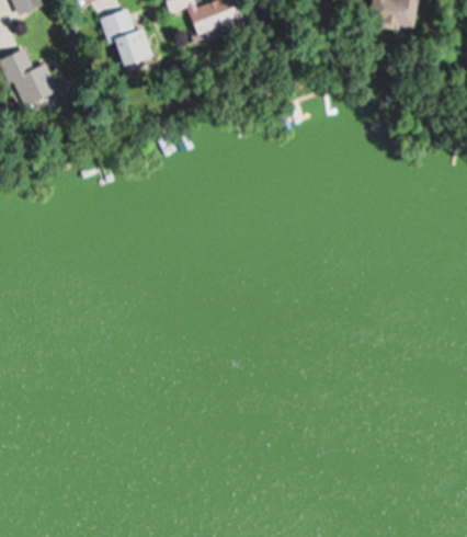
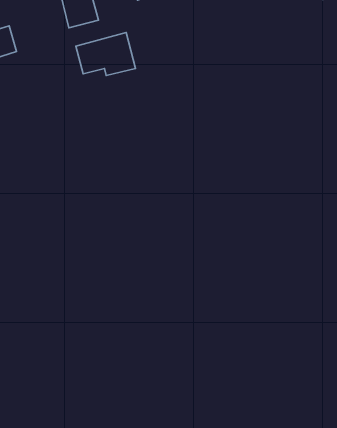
building: none -> [76,33,135,76]

